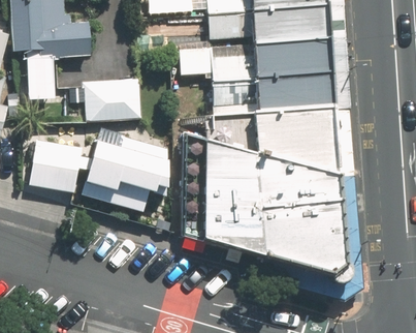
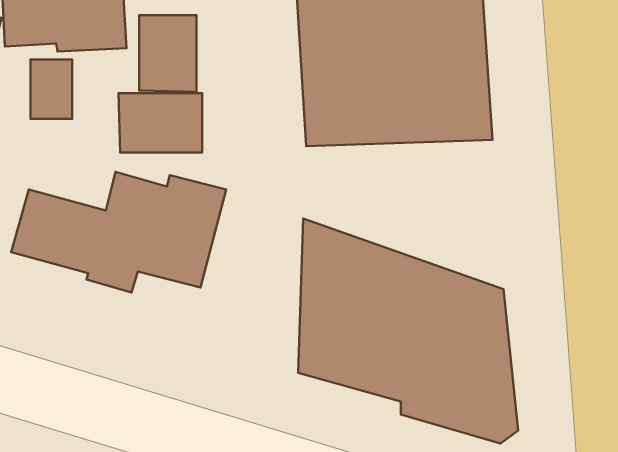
building: none -> [139,15,197,92]
building: [204,110,338,206] -> none

